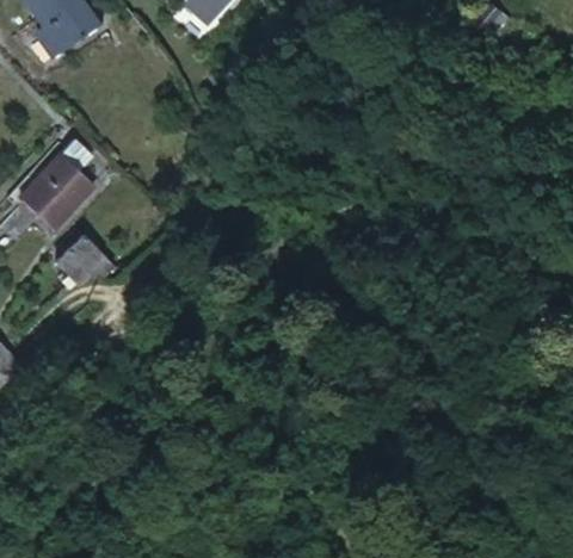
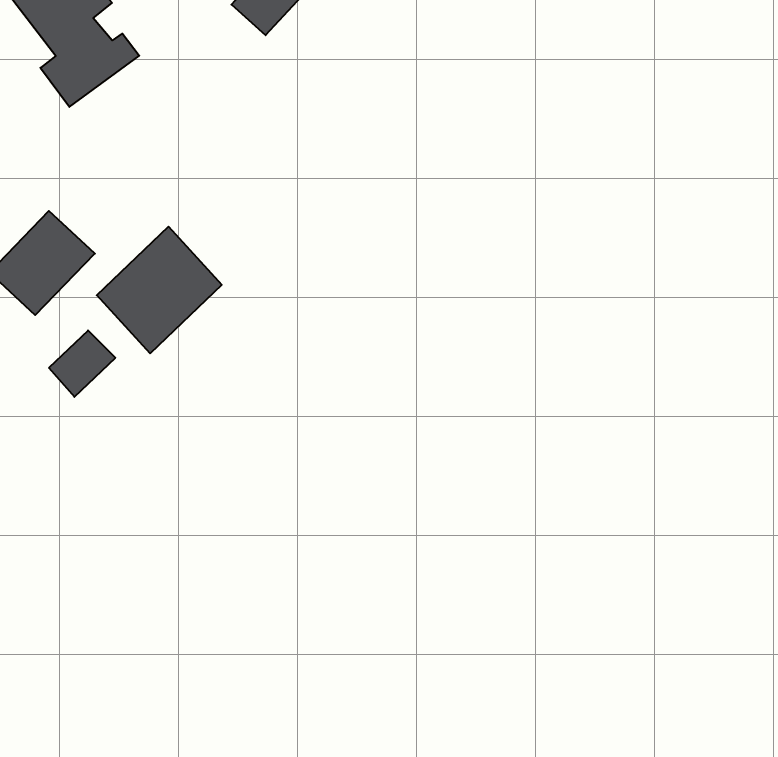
building: none -> [97,227,222,353]

